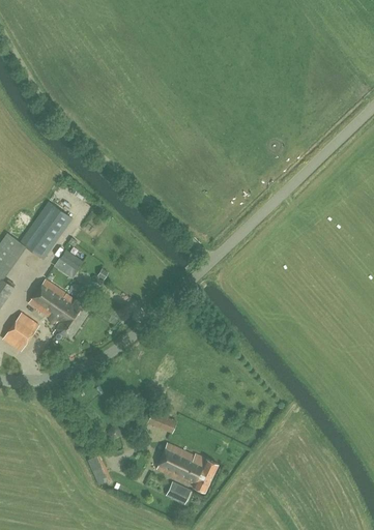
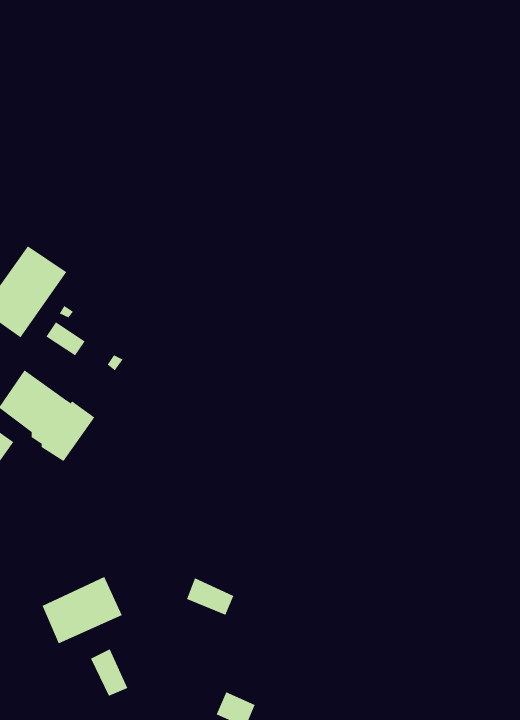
building: none -> [42,576,123,644]
building: [155,443,217,492] -> none

